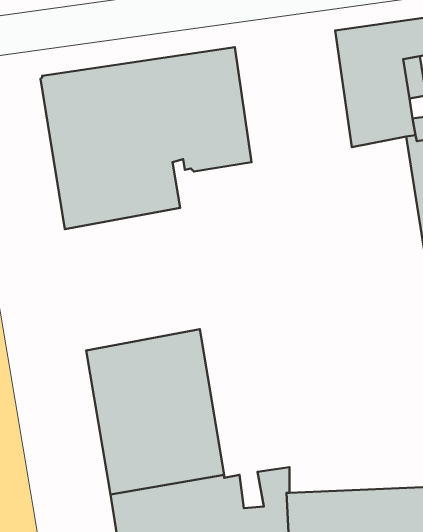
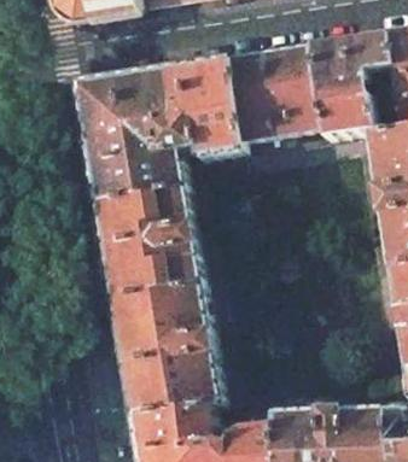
building: none -> [227,52,320,157]
building: none -> [92,193,199,306]

